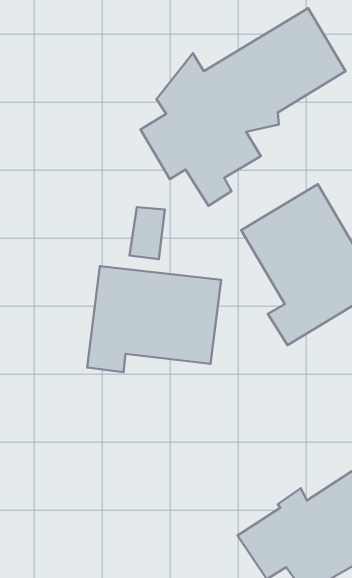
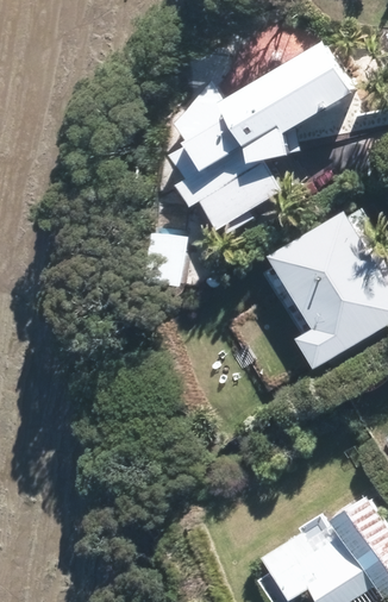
building: [87,266,221,372] -> none

